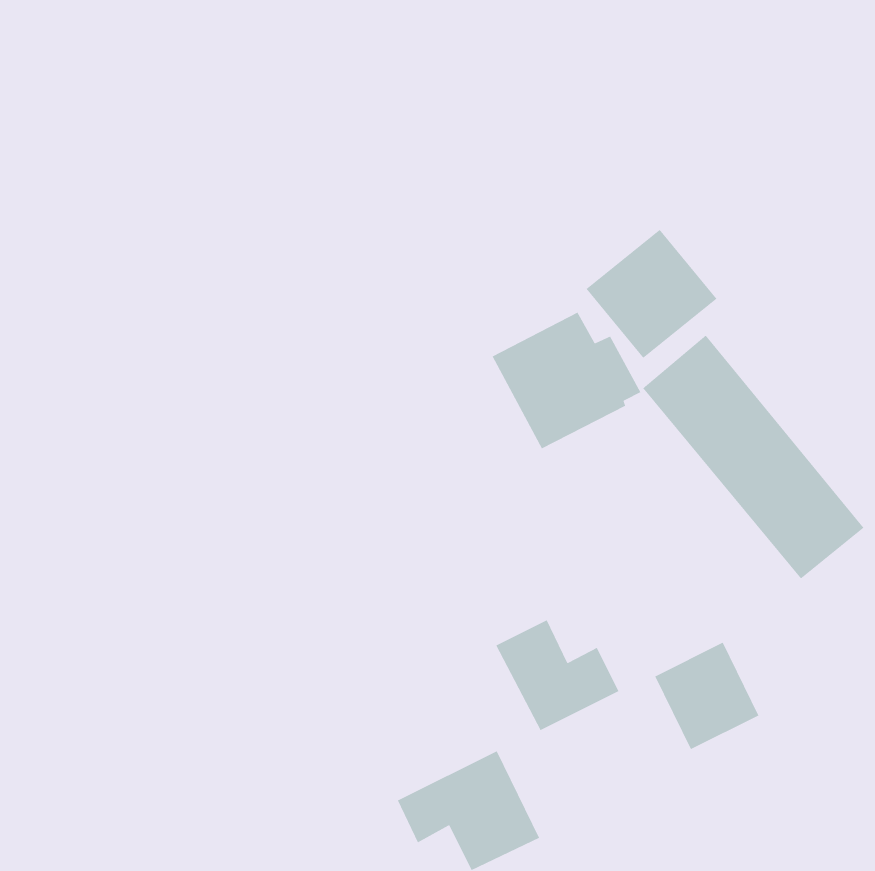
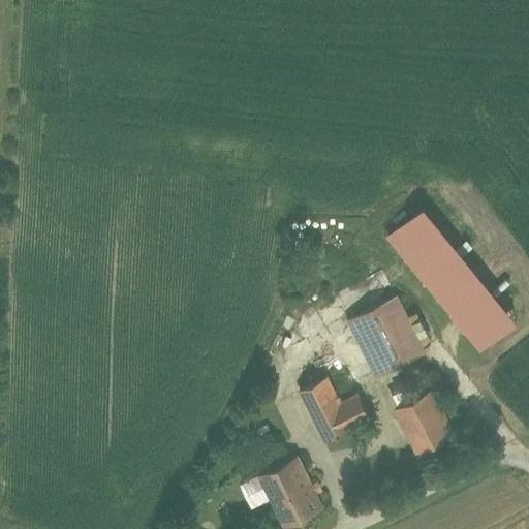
building: [585,229,718,359] -> none
building: [492,311,642,449] -> [345,298,435,380]

